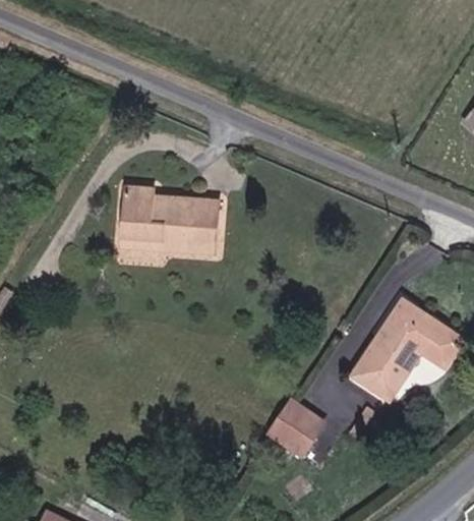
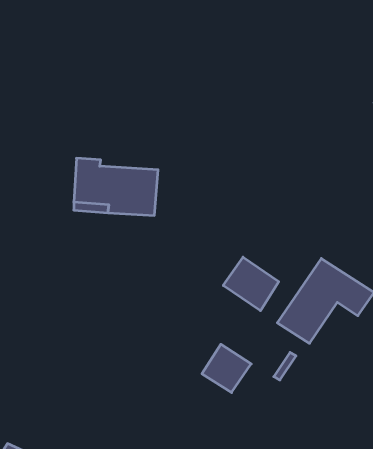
building: none -> [223,257,279,311]

